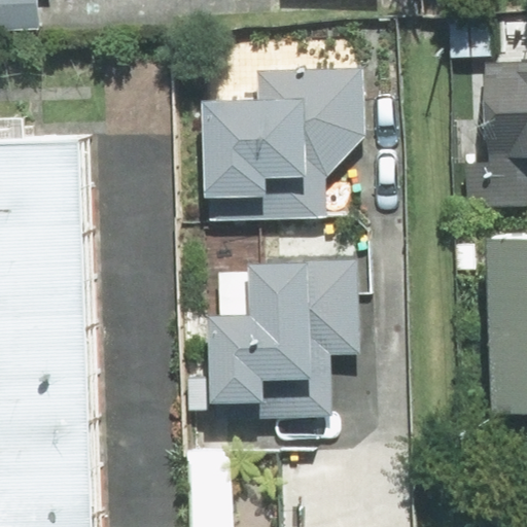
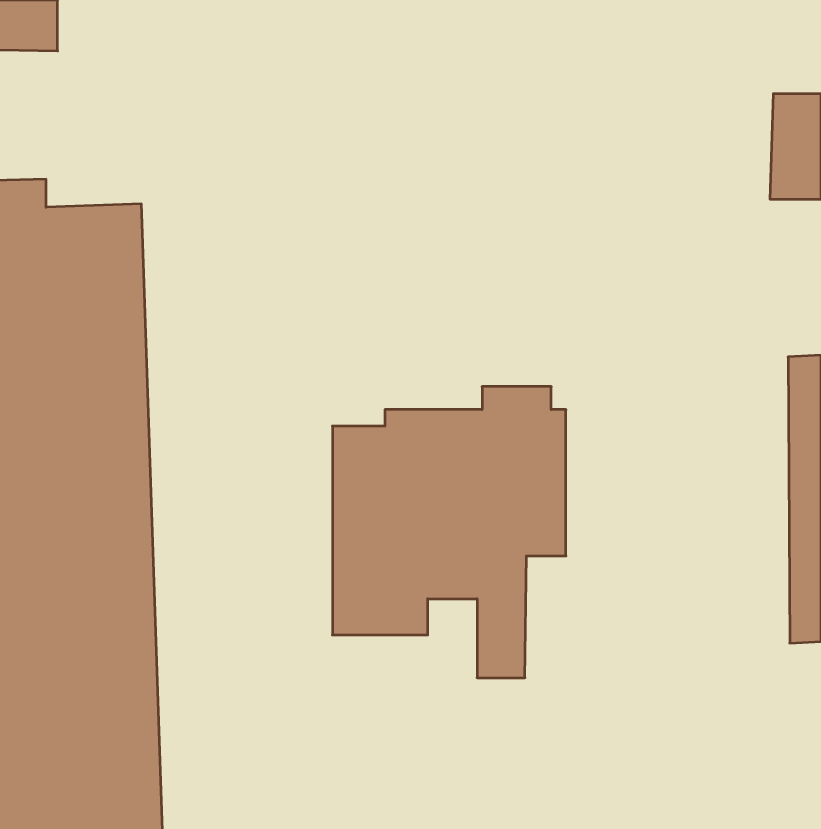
building: [199,74,356,221] -> none

